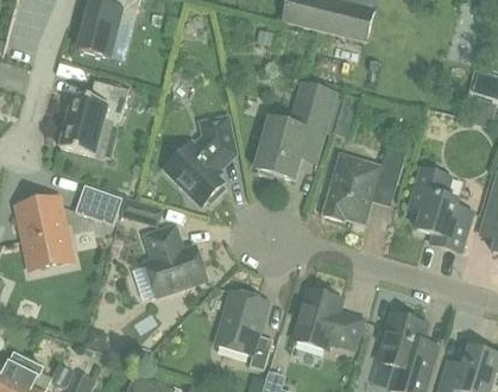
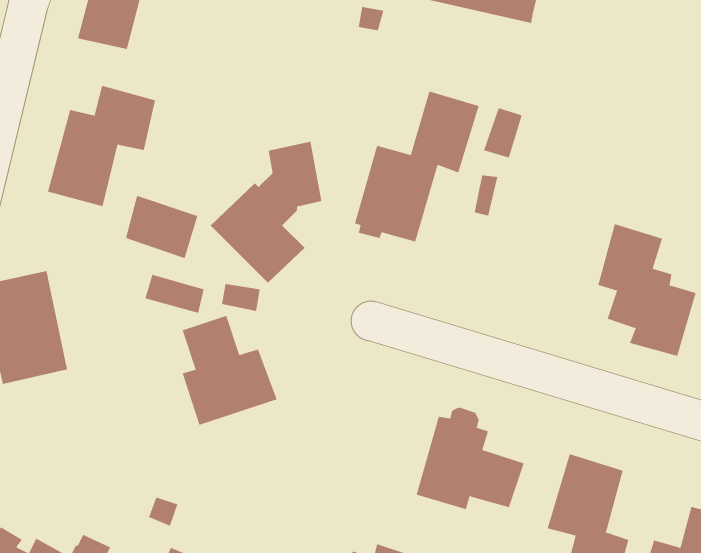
building: [319,148,403,223] -> none
building: [76,184,122,225] -> [125,195,198,259]
building: [213,289,271,368] -> none

